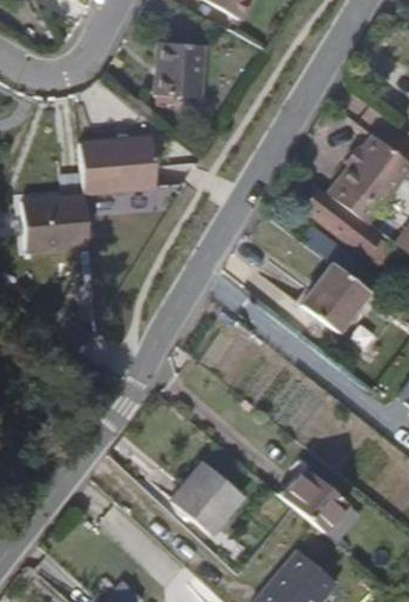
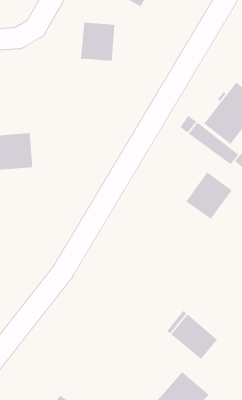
building: [75,145,152,201] -> none
building: [172,460,243,533] -> none

